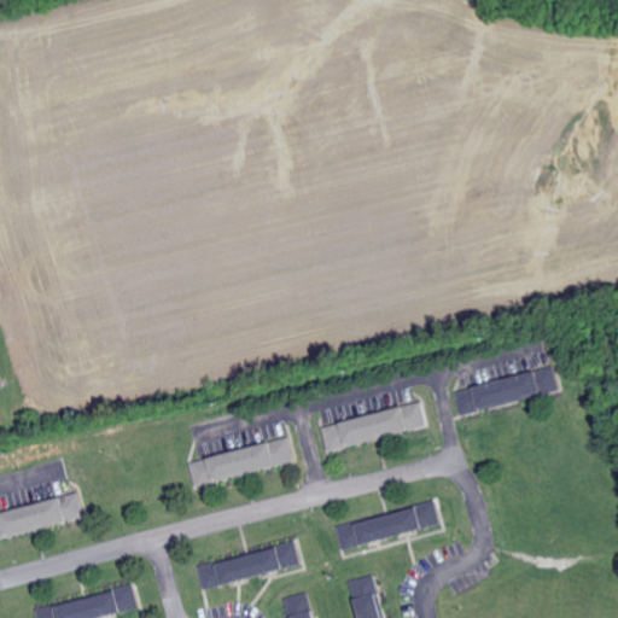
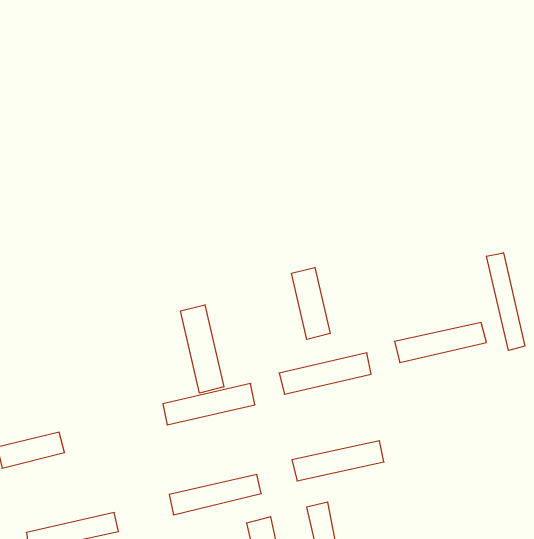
building: none -> [487,253,525,350]
building: none -> [292,267,330,339]
building: none -> [181,305,224,393]

